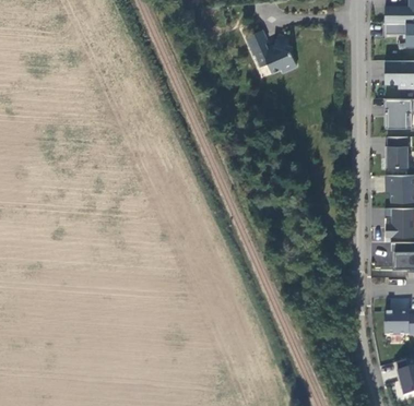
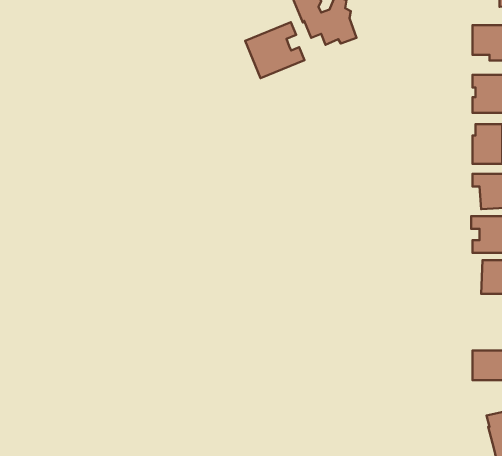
building: none -> [245,22,305,78]

